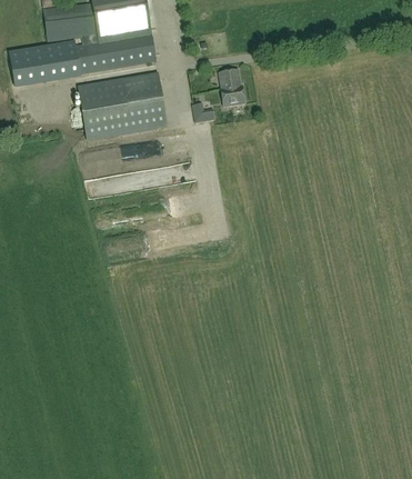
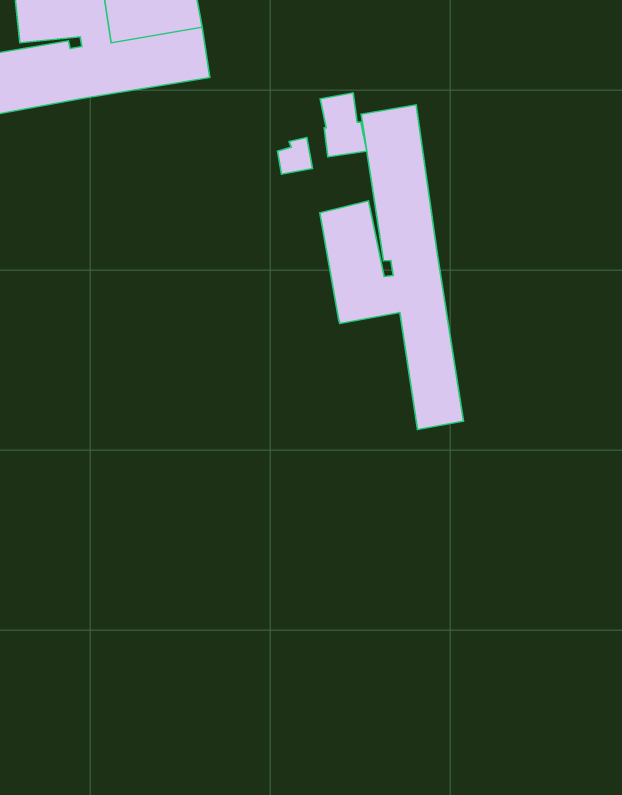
building: [78,73,167,138] -> none
building: none -> [320,105,464,429]

